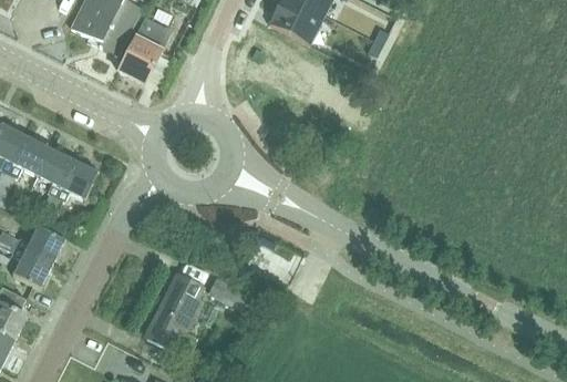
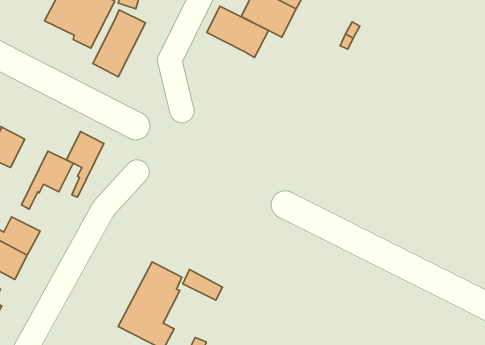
building: none -> [207,6,268,57]
building: [35,146,73,213] -> [66,131,104,197]

